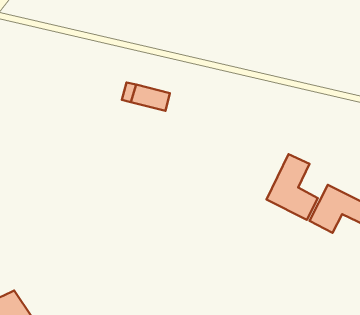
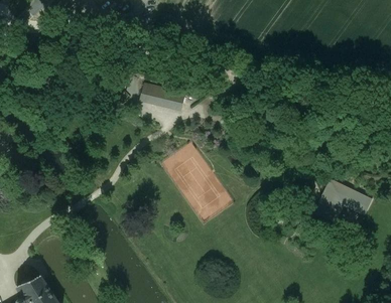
building: [266,154,318,220] -> none

